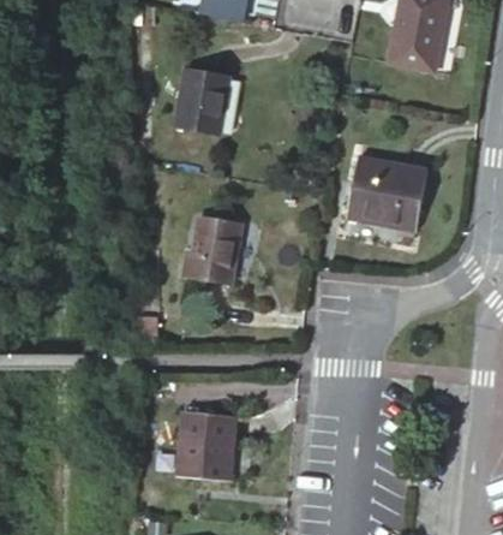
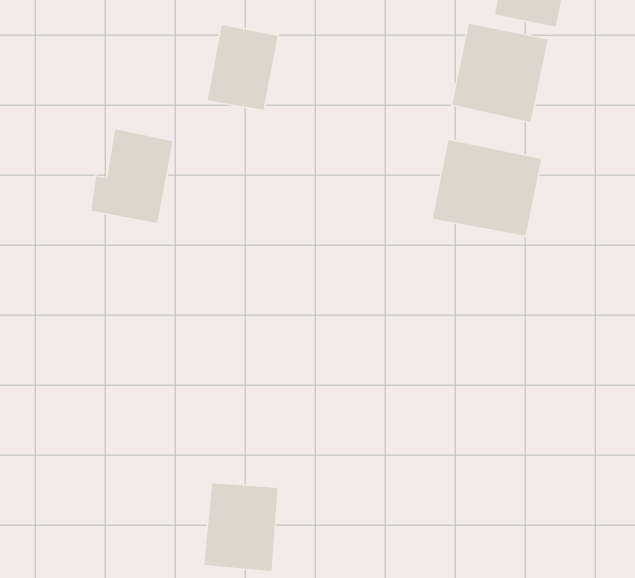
building: none -> [452,23,549,123]
building: [178,218,240,290] -> [91,128,174,224]

